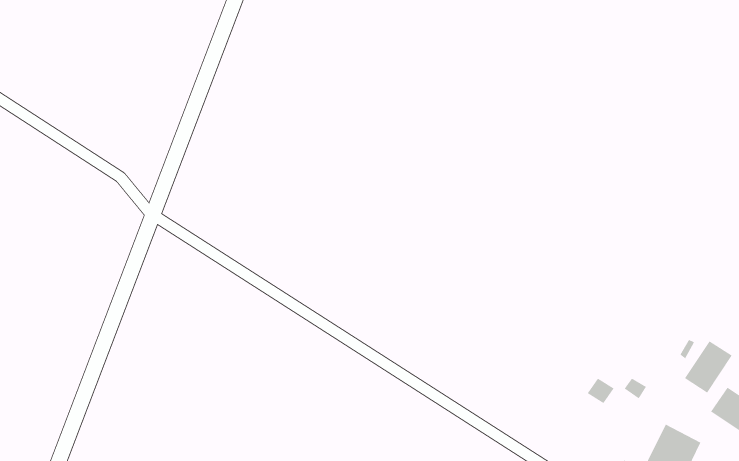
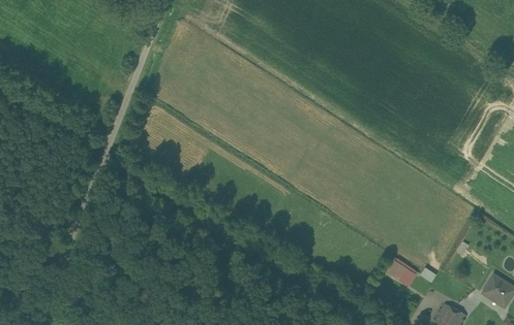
building: [684,340,733,393] -> none

